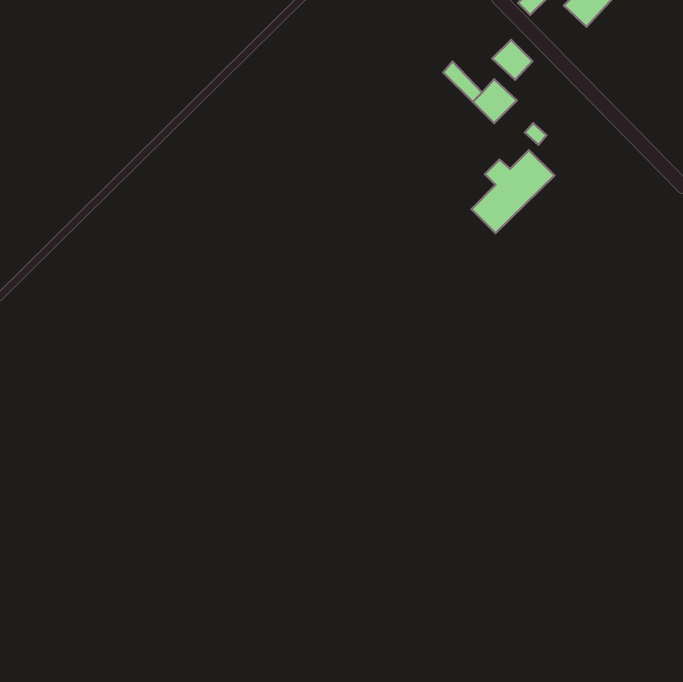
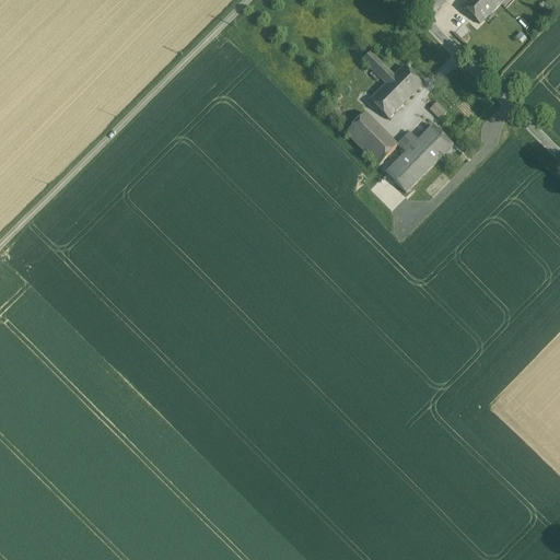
building: [492,40,533,80] -> [371,83,404,116]
building: none -> [345,112,397,164]

